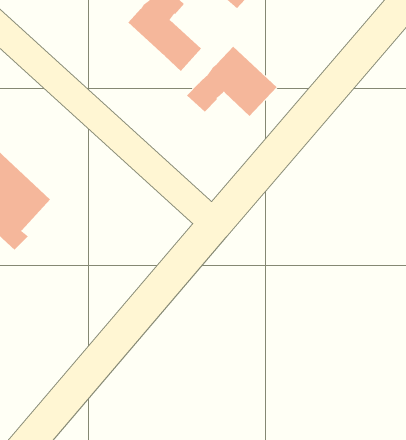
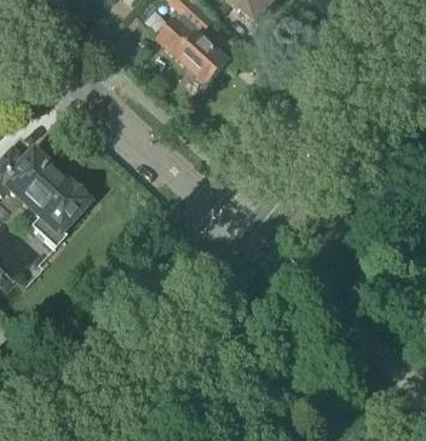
building: [186,46,277,117] -> none

